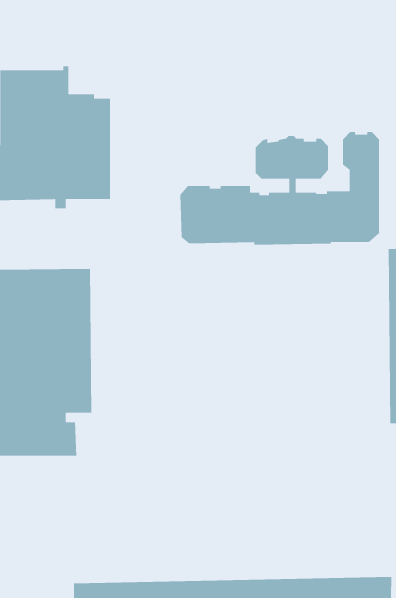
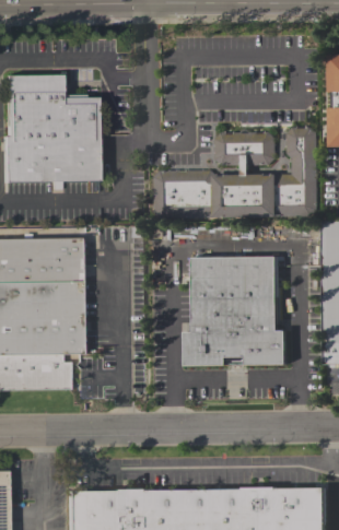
building: none -> [185,257,287,366]

